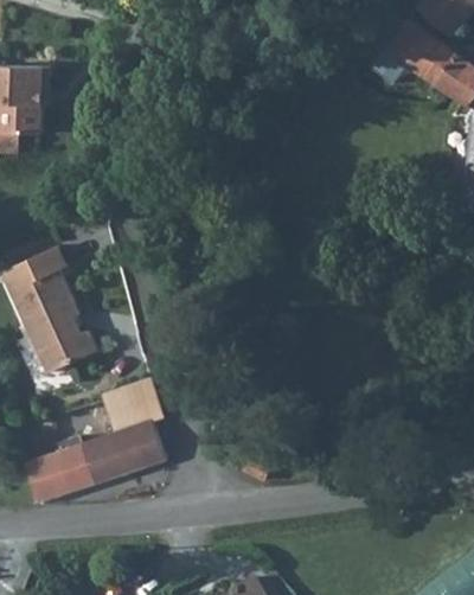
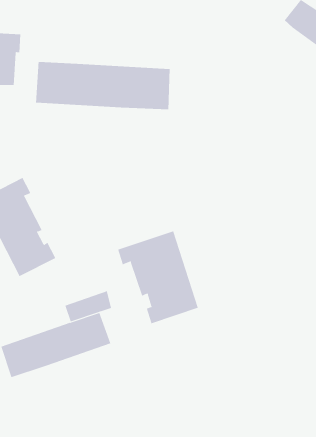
building: none -> [35,61,170,110]
building: none -> [117,230,199,324]

